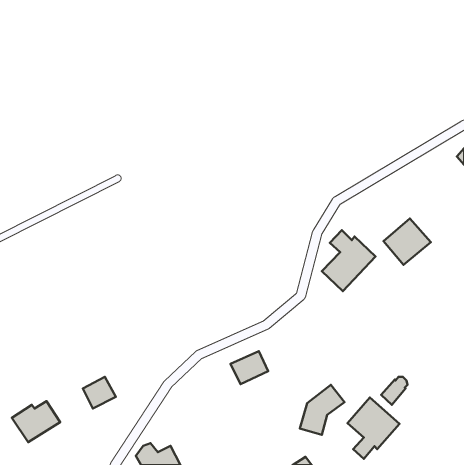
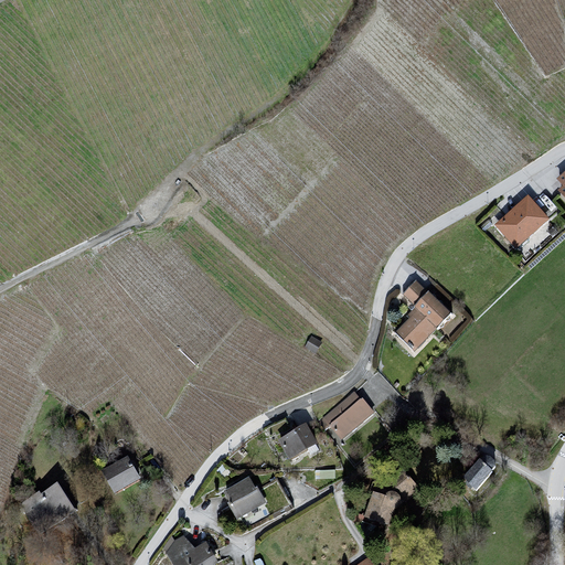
building: [383,219,431,265] -> [494,189,552,245]
building: none -> [321,386,375,440]
building: none -> [222,478,265,520]
building: [347,398,399,459] -> none

